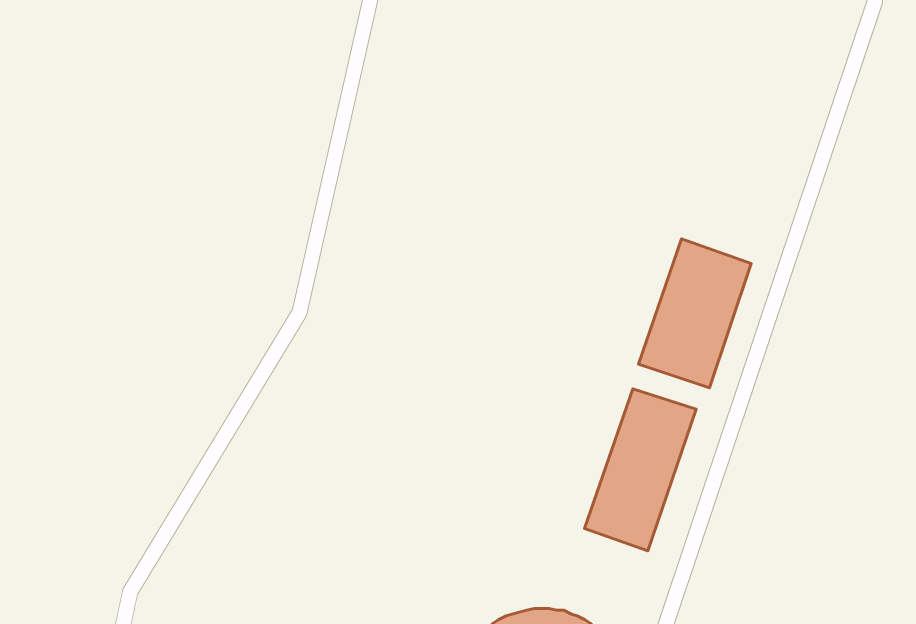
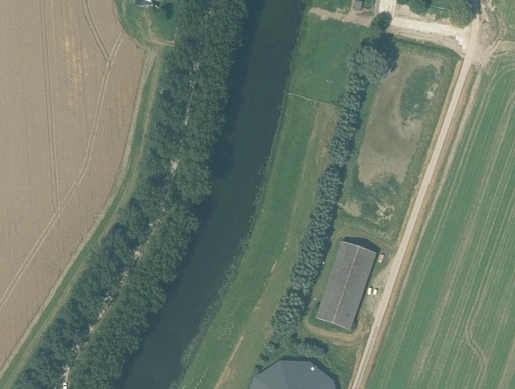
building: [639,239,751,388] -> none

